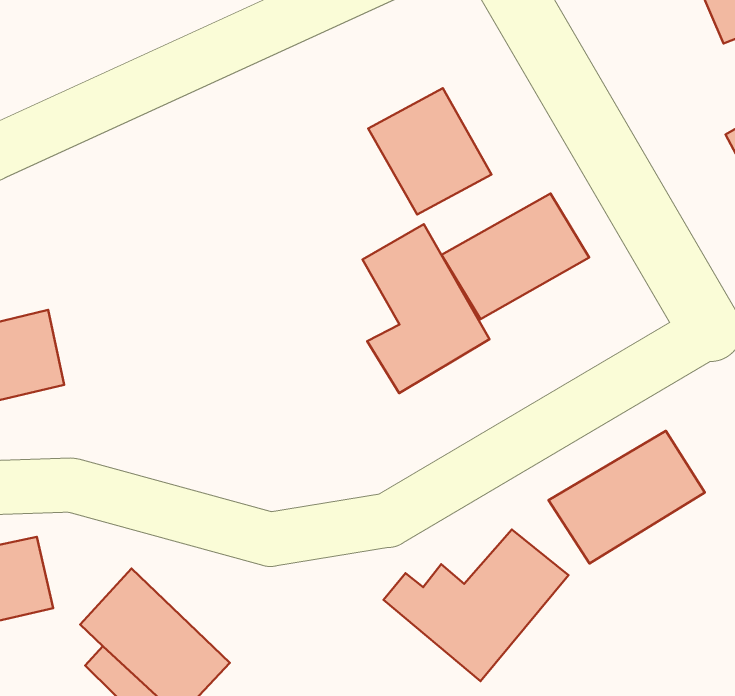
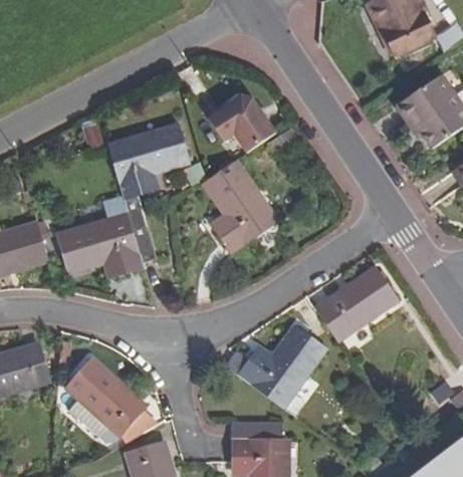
building: none -> [107,124,190,200]
building: [442,193,589,319] -> none
building: none -> [57,214,143,278]

